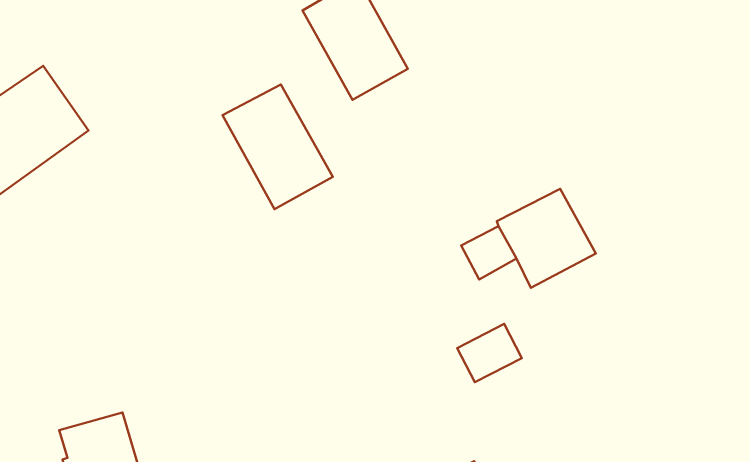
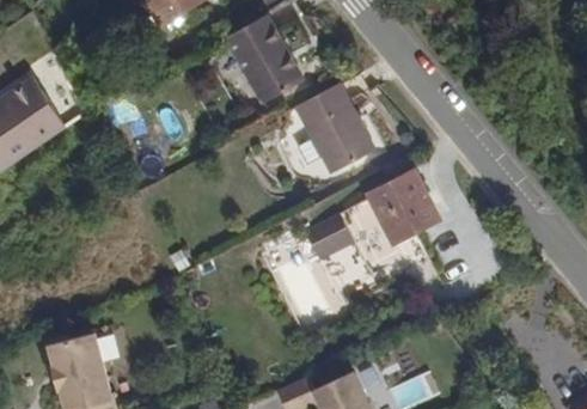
building: [223,84,333,209] -> [294,83,375,175]
building: [457,324,522,382] -> [305,212,353,255]

